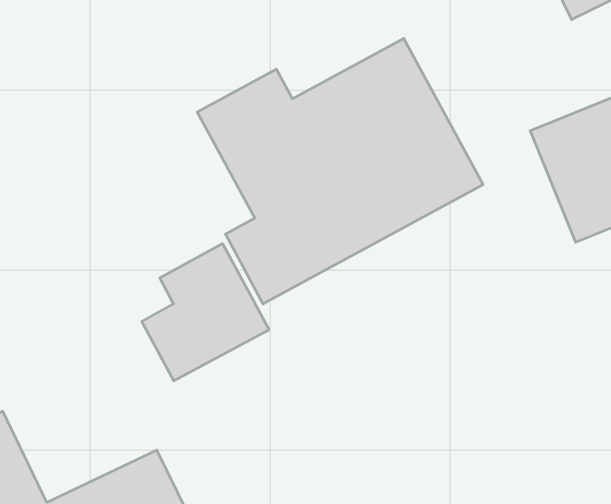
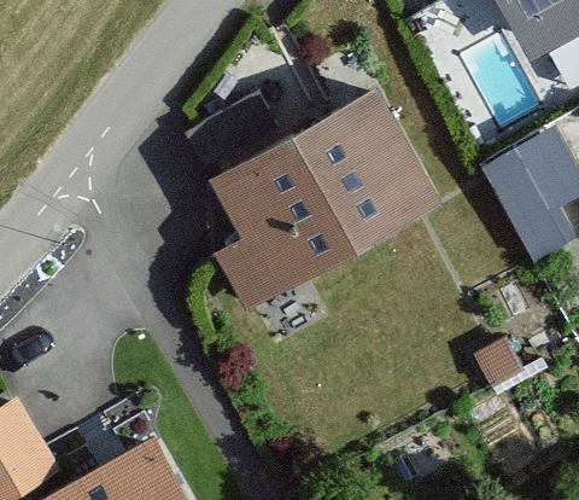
building: [142,244,269,381] -> none

